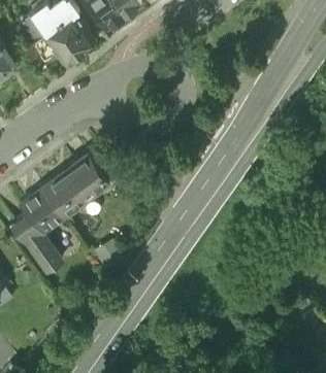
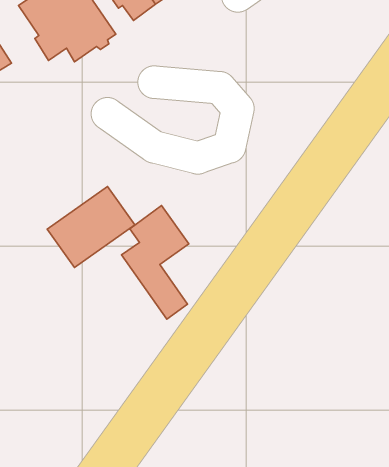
building: [12,182,63,268] -> [122,205,189,319]

